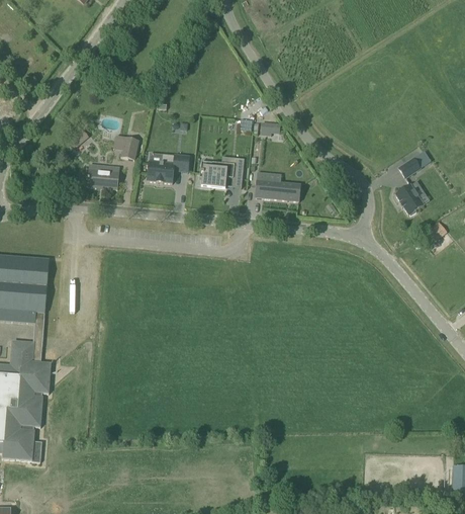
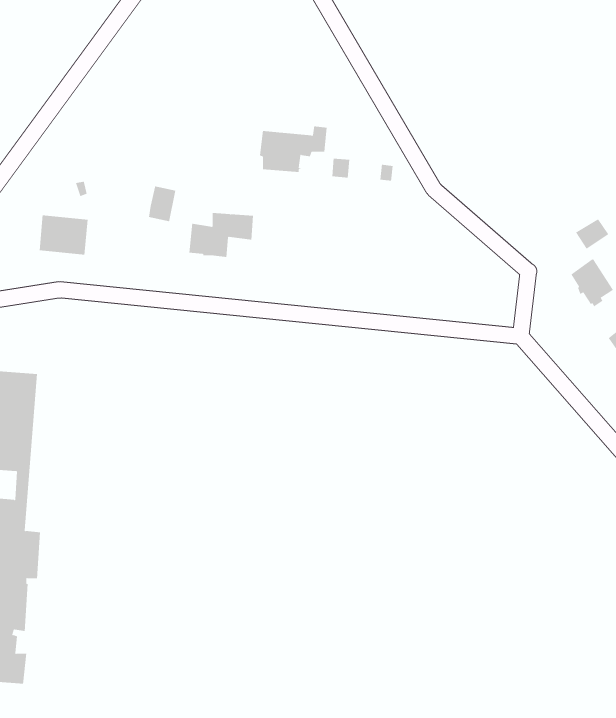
building: [198,157,243,187] -> [259,126,328,172]
building: [86,162,118,188] -> [39,215,88,255]
building: [254,171,299,200] -> none

